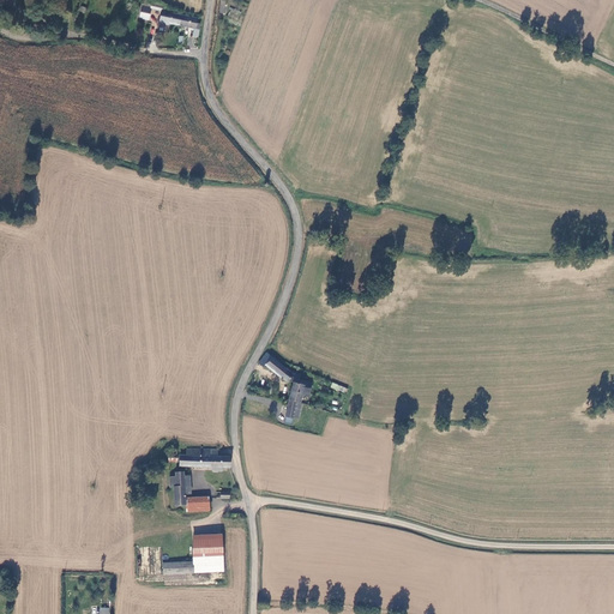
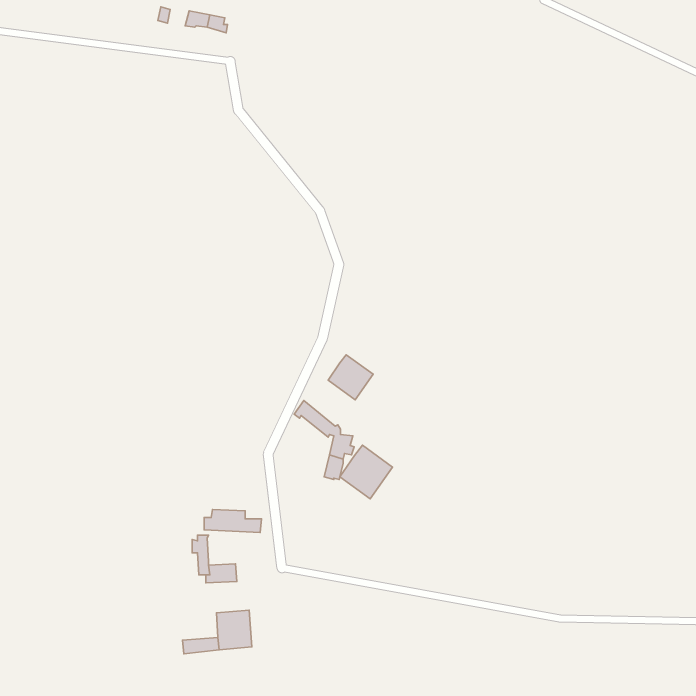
building: none -> [328,355,373,400]
building: none -> [340,445,393,499]

